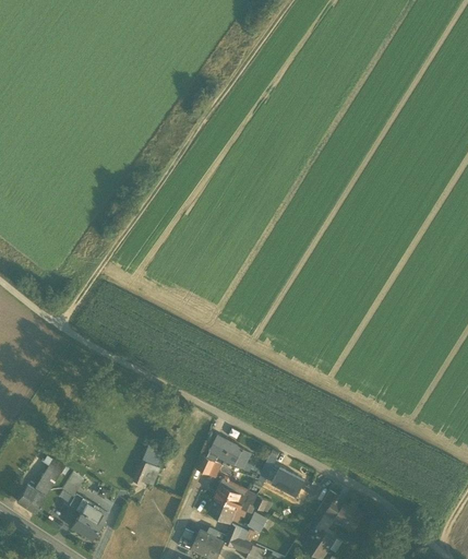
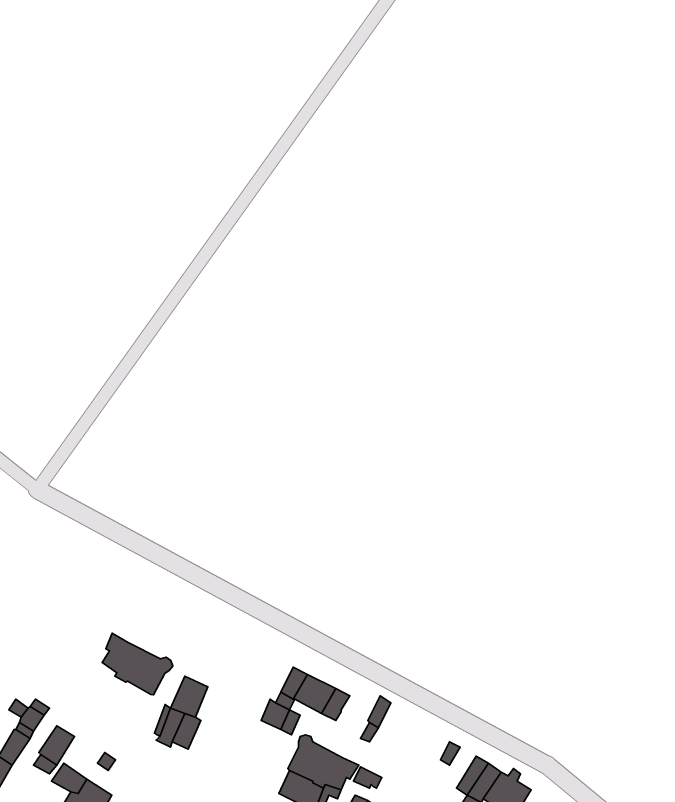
building: none -> [102,633,173,695]
building: [272,467,304,496] -> none

